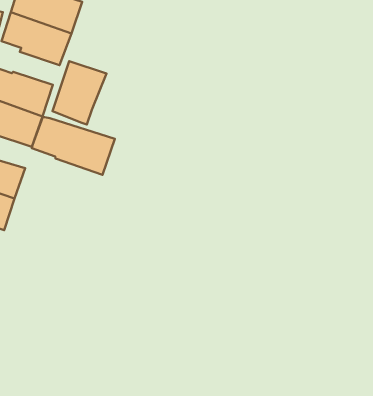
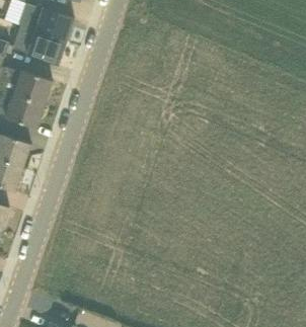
building: [53,61,106,124] -> none
building: [32,117,115,175] -> none

